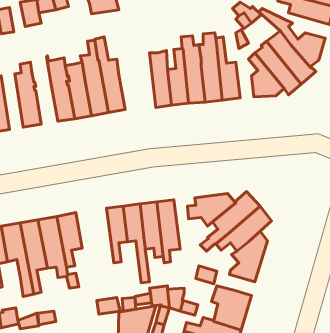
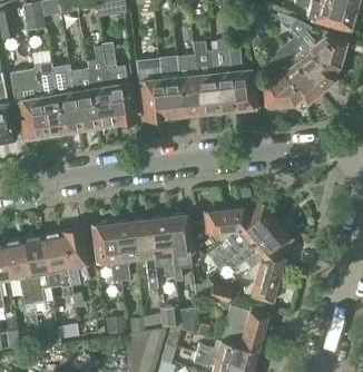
building: none -> [137,58,166,118]
building: none -> [32,63,62,135]
building: none -> [95,224,121,283]

